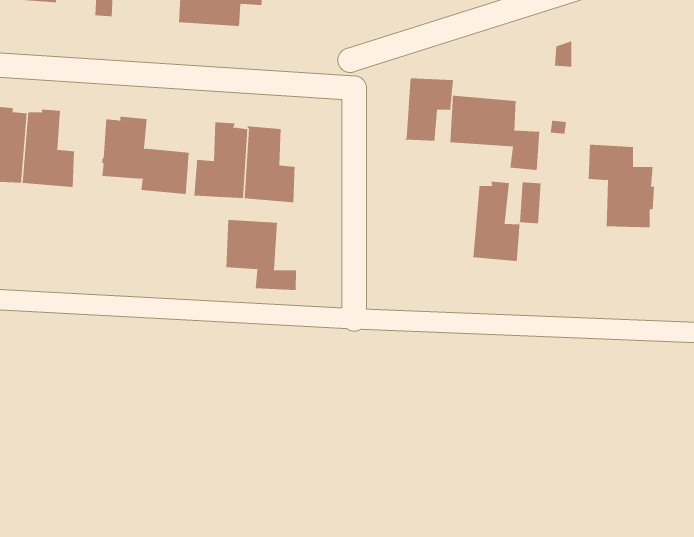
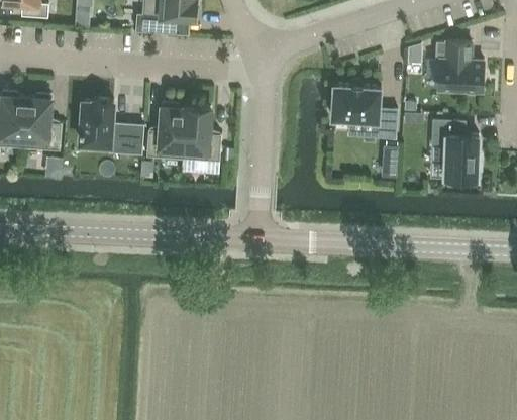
building: none -> [435,41,483,91]
building: [405,78,454,142] -> none
building: [473,181,520,262] -> none
building: [226,219,297,291] -> none

